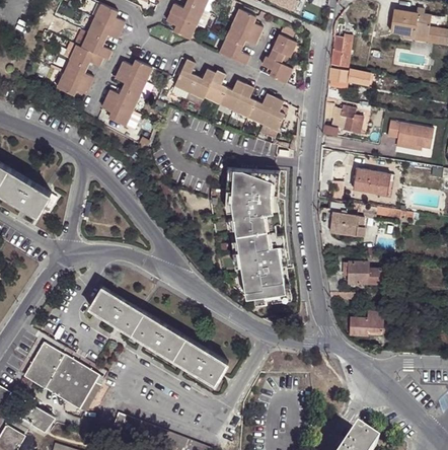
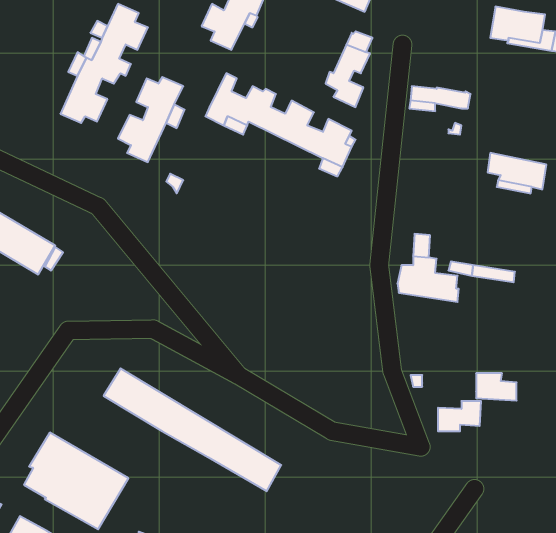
building: [219,10,262,65] -> none
building: [329,35,351,67] -> none
building: [320,103,365,136] -> none
building: [224,169,288,304] -> none
building: [351,169,388,196] -> none
building: [349,263,380,284] -> [476,373,517,401]

